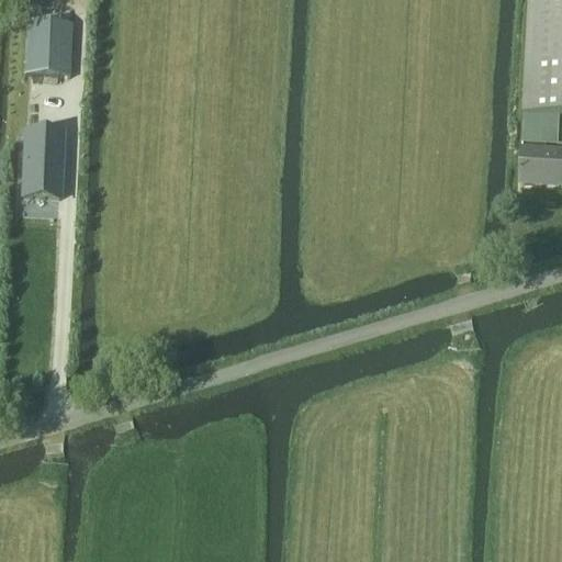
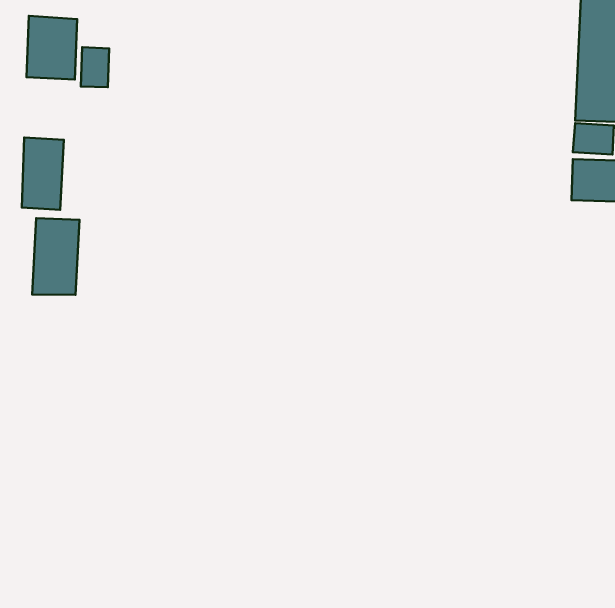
building: none -> [81,47,109,87]
building: none -> [32,218,79,295]

